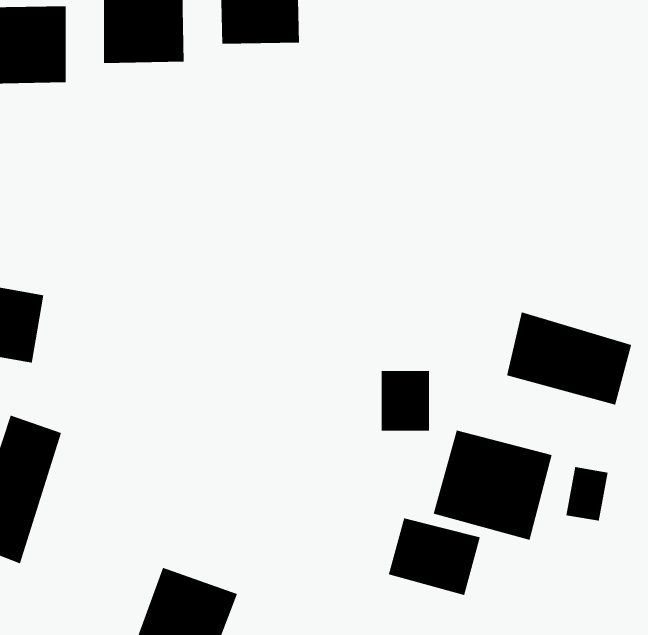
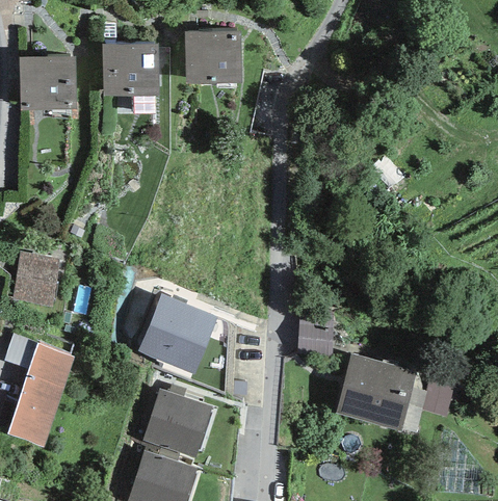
building: [506,312,632,406] -> none
building: none -> [138,293,217,374]
building: none -> [142,388,214,458]
building: [388,517,480,596] -> none

